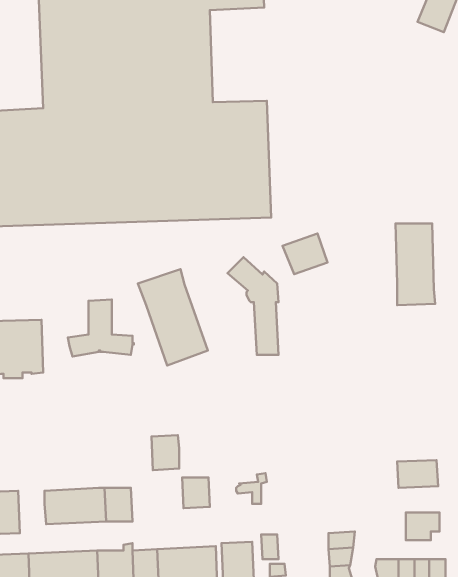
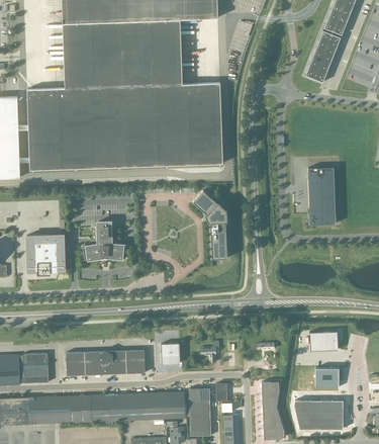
building: none -> [305,30,341,82]
building: [283,233,328,274] -> none
building: [138,269,208,365] -> none
building: [152,435,179,470] -> [125,349,145,373]

